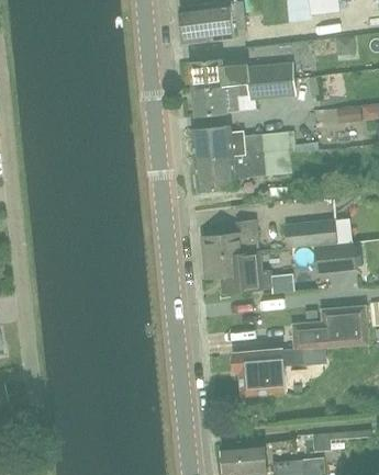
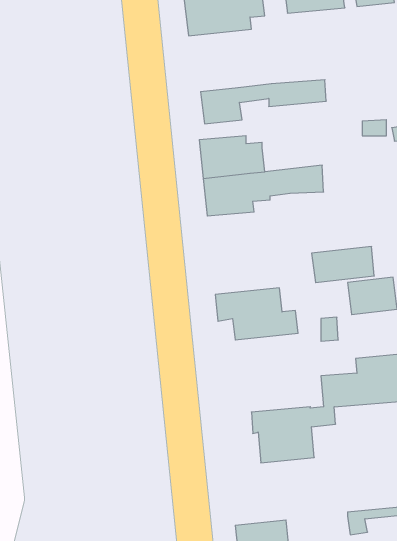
building: [192,59,297,89] -> none
building: [245,132,294,155] -> none
building: [204,219,259,256] -> none

